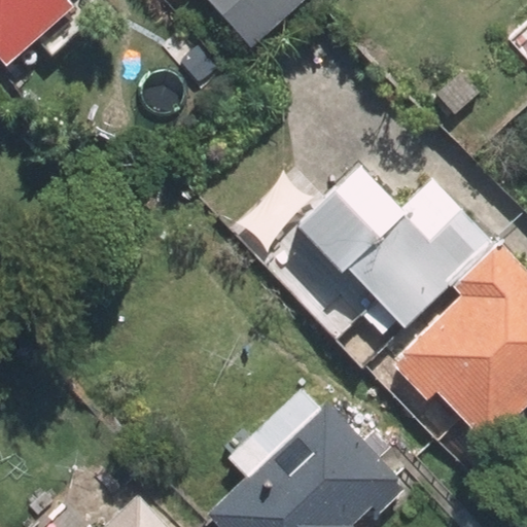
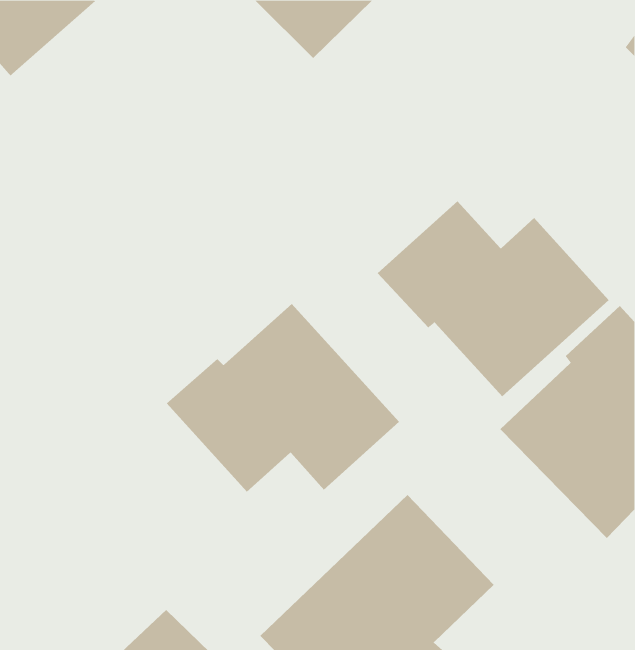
building: none -> [166,303,400,492]

